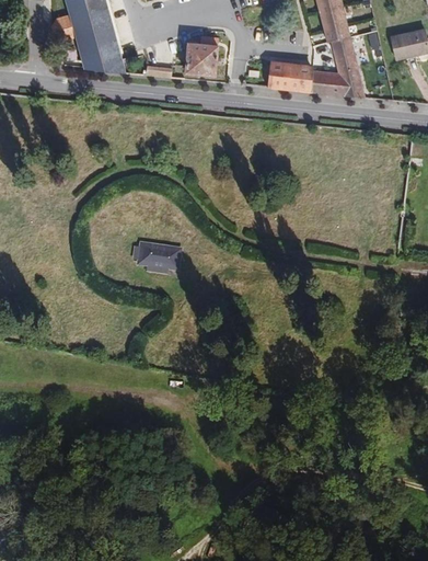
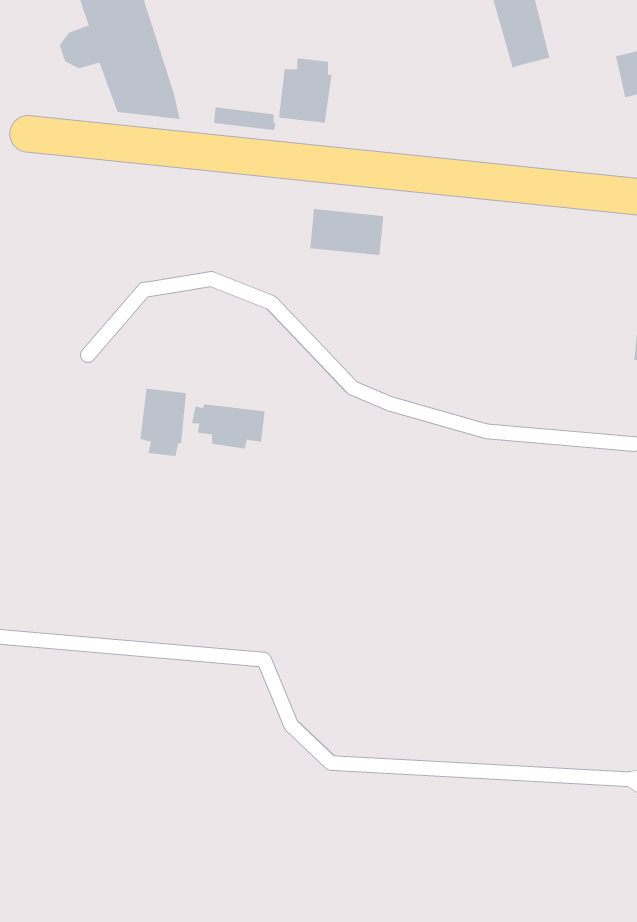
building: [310,35,366,95] -> none
building: [262,62,306,91] -> [309,209,384,256]
building: none -> [140,388,186,457]

